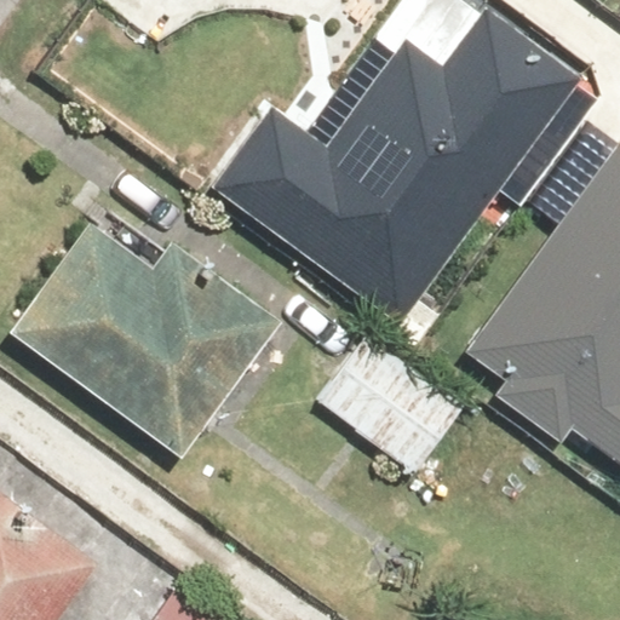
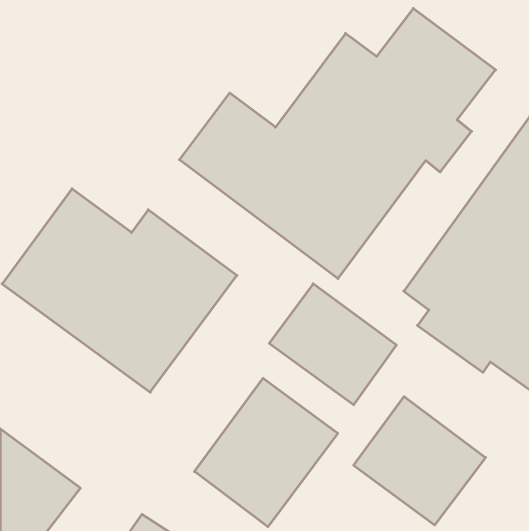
building: none -> [194,378,338,527]
building: none -> [354,397,486,525]

